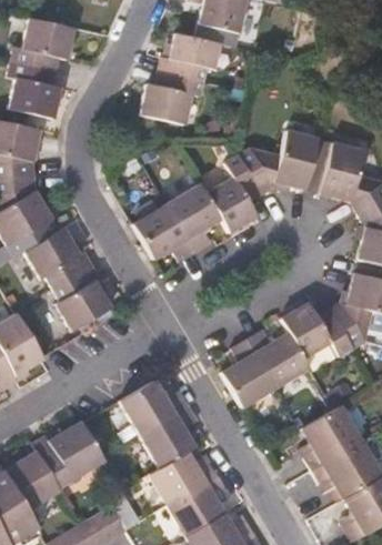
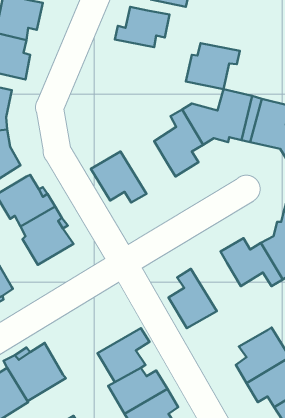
building: [143,72,205,125] -> [186,43,240,89]
building: [167,181,222,251] -> none
building: [248,329,312,386] -> none
building: [120,373,190,435] -> none

